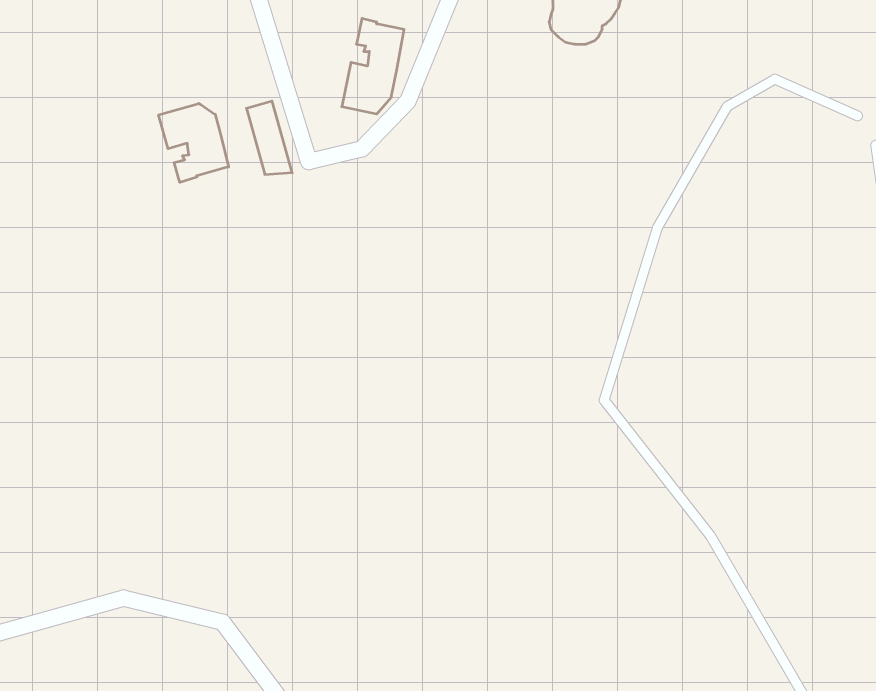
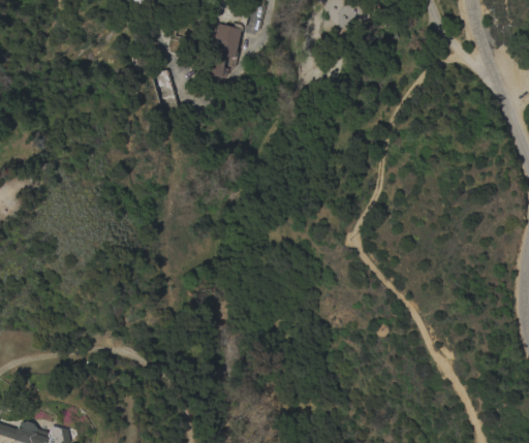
building: [159,103,229,182] -> none

